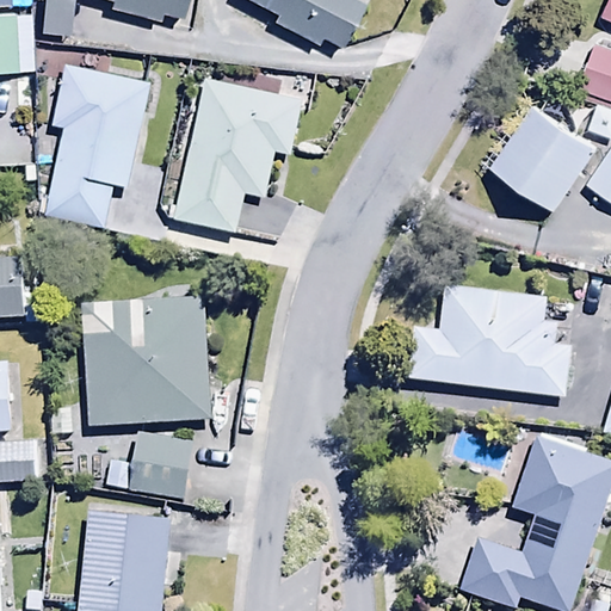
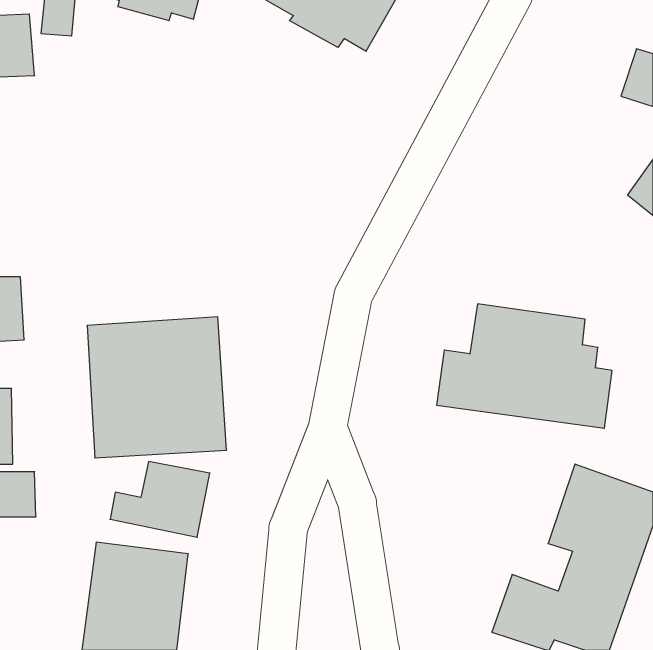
building: [45,63,148,229] -> none
building: [174,78,303,242] -> none
building: [488,101,597,209] -> none

